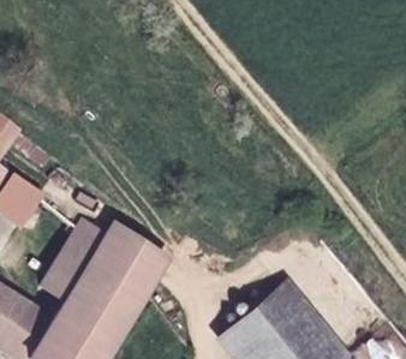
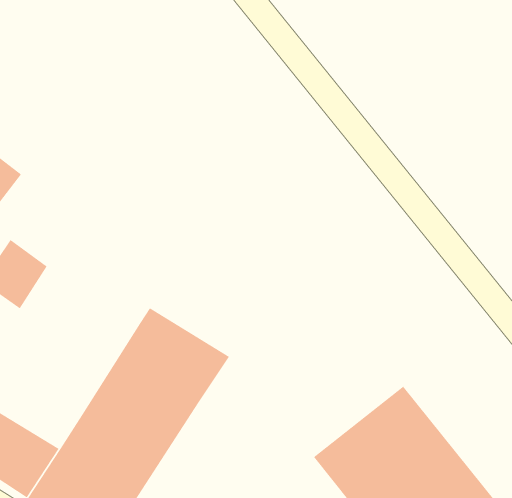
building: [42,220,106,299] -> none

